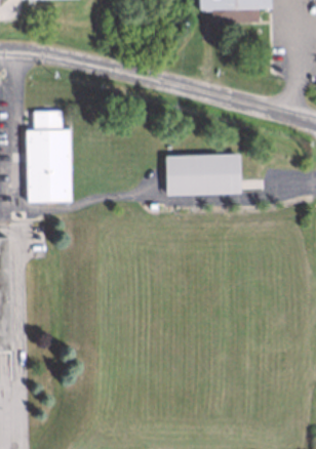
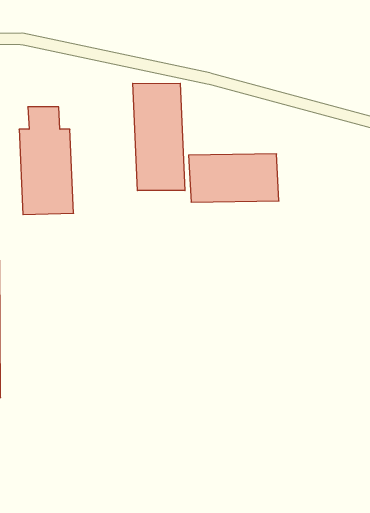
building: none -> [133,83,185,191]

